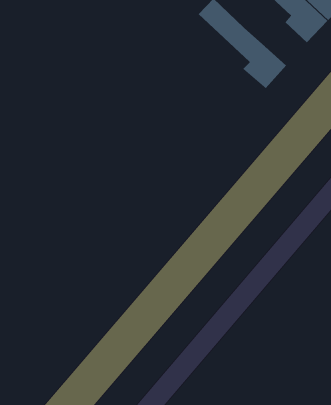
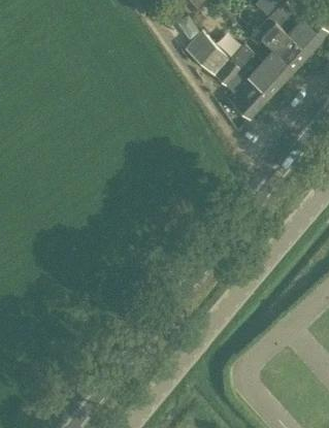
building: none -> [229,43,287,94]

